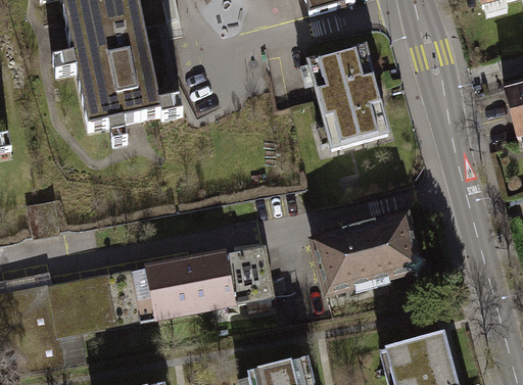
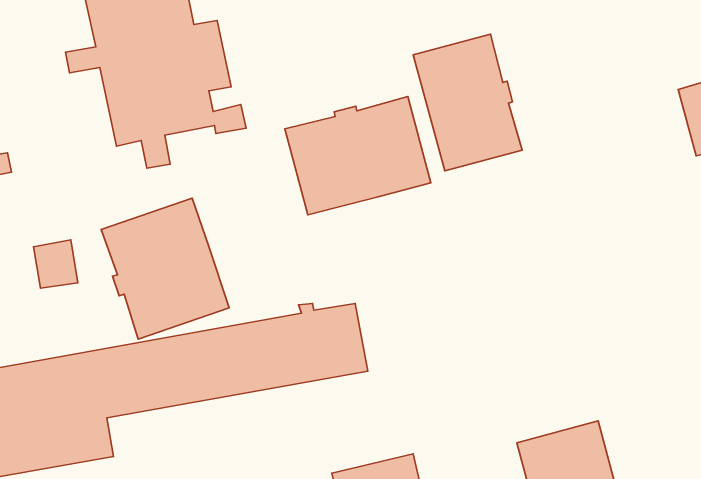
building: none -> [285,97,431,215]
building: none -> [101,198,229,339]
building: [313,212,425,291] -> none

